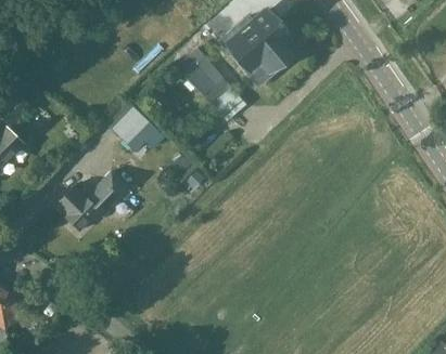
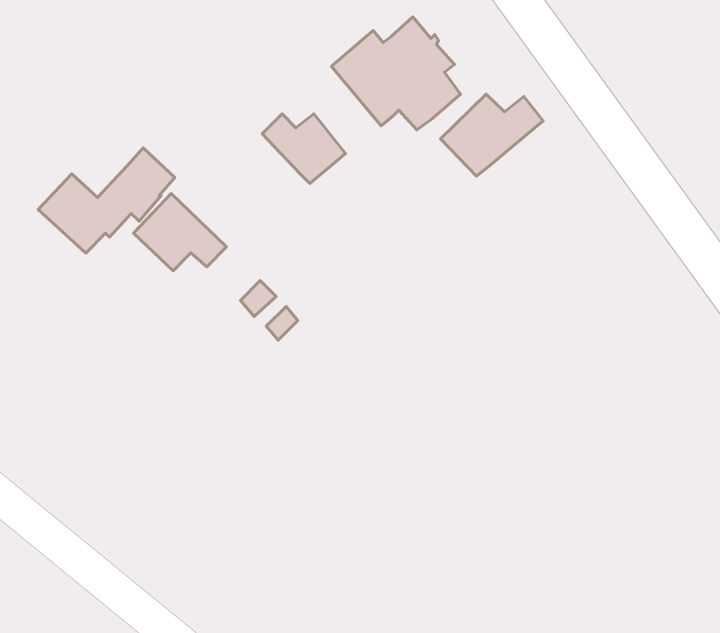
building: none -> [440,94,543,176]
building: [53,172,128,230] -> [38,148,175,253]

